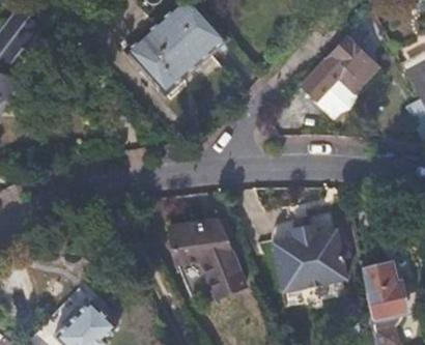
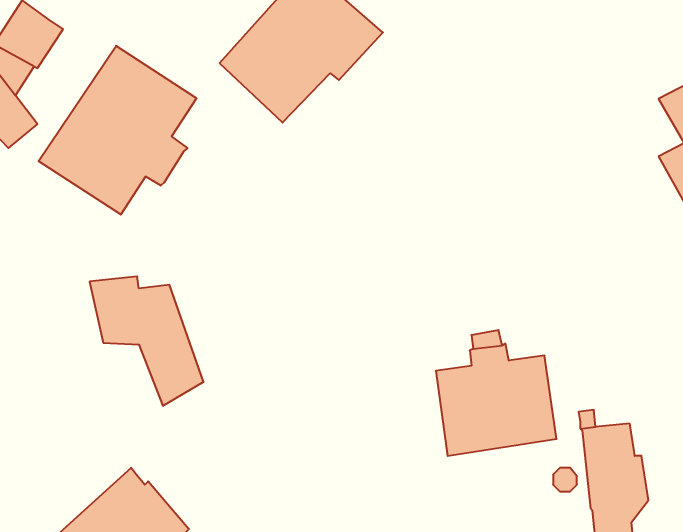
building: none -> [39,46,196,215]
building: [305,38,380,113] -> none
building: [173,222,243,300] -> [90,276,204,406]

